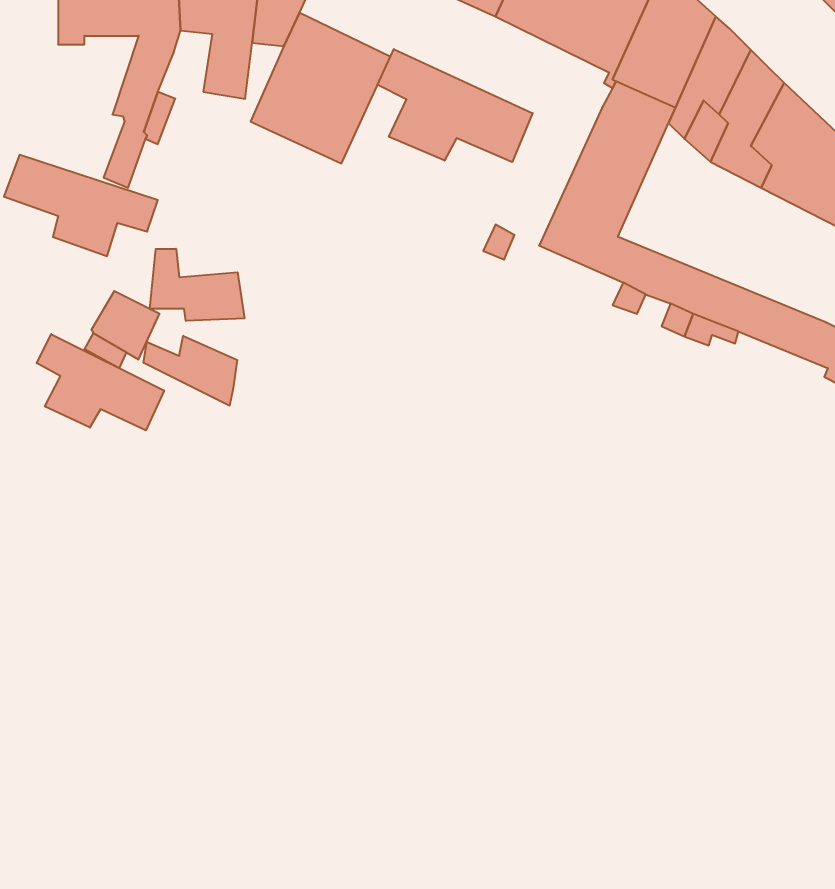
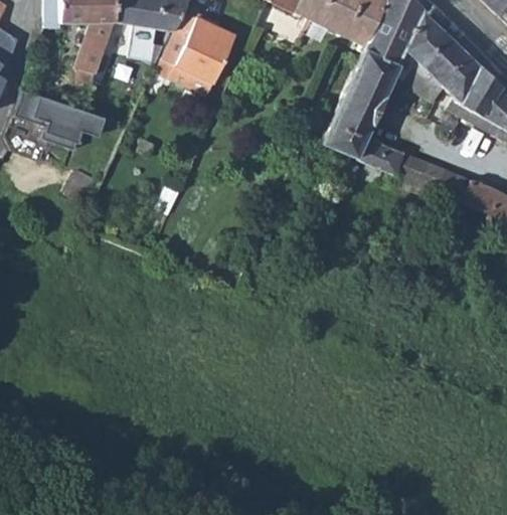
building: [378,49,533,162] -> none
building: [150,249,244,321] -> none
building: [37,334,164,430] -> none
building: [144,336,237,406] -> none

